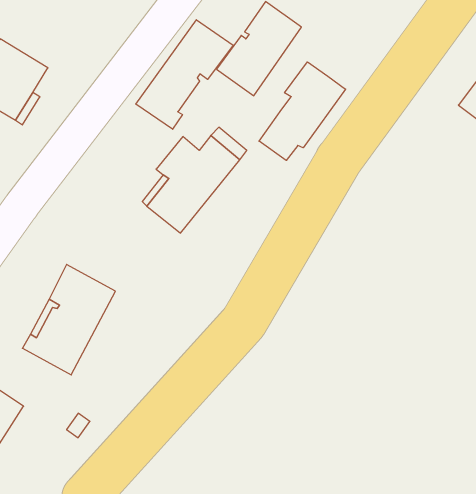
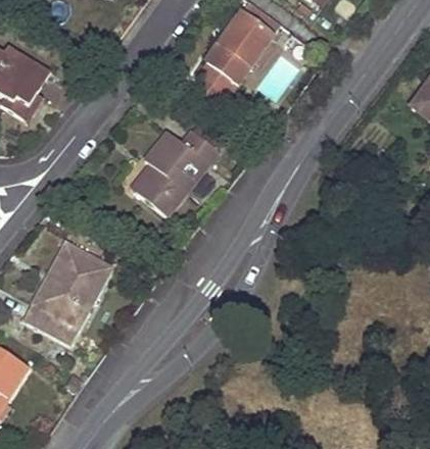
building: [136,20,233,129] -> none
building: [259,62,346,160] -> none

